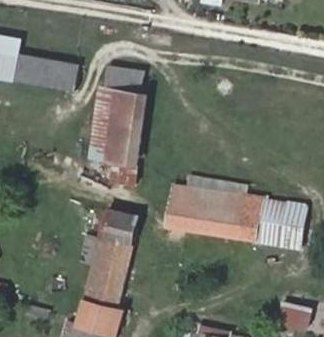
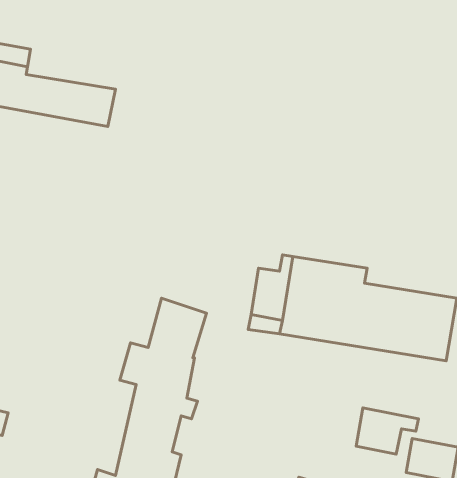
building: [90,68,147,185] -> none
building: none -> [356,408,418,454]

